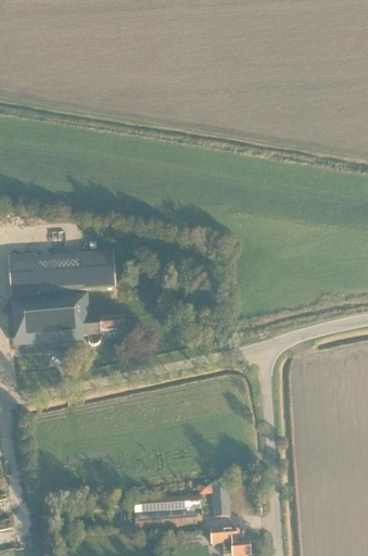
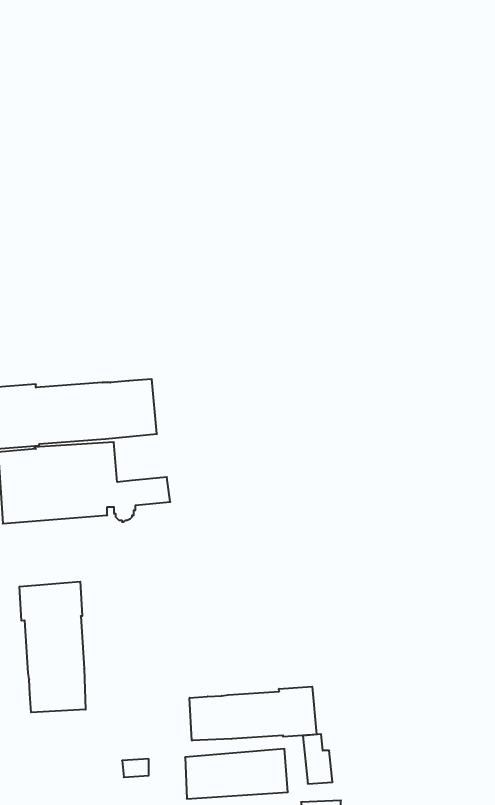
building: none -> [19,582,86,712]
building: none -> [190,687,316,741]

